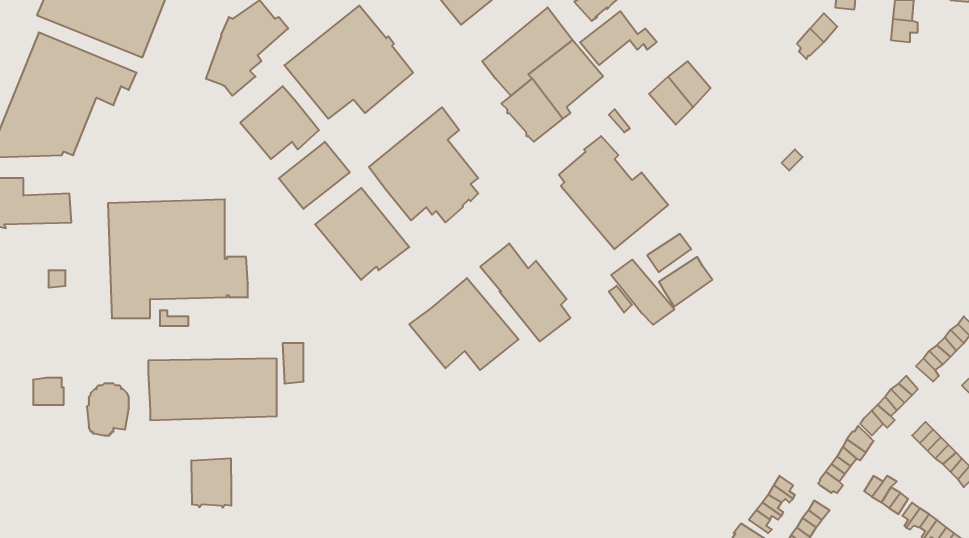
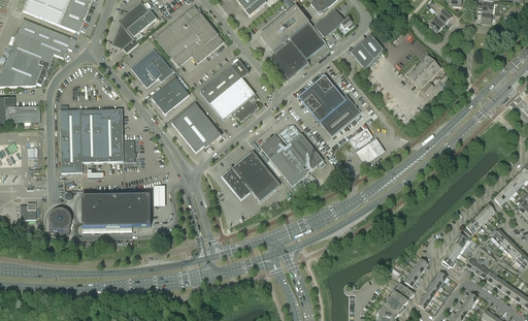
building: none -> [407,56,438,87]
building: [611,260,674,325] -> [289,133,323,168]
building: [191,458,231,508] -> none

